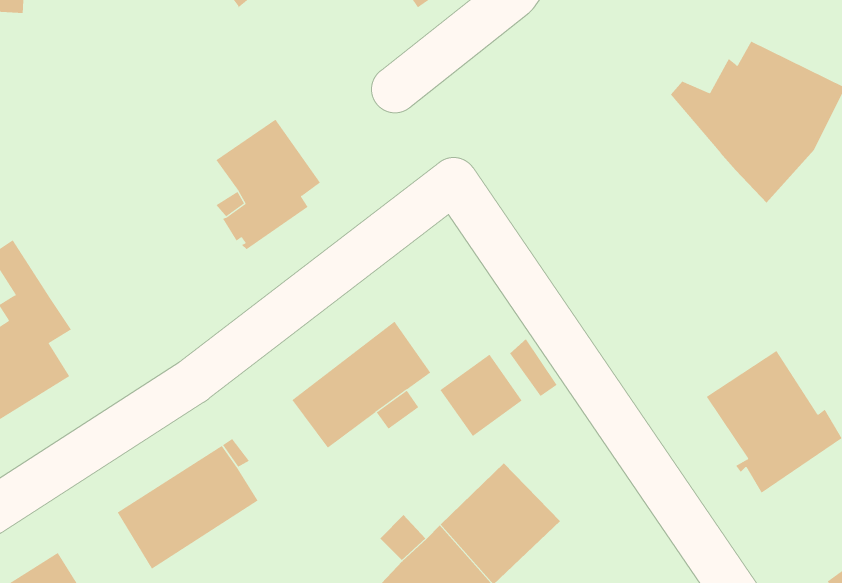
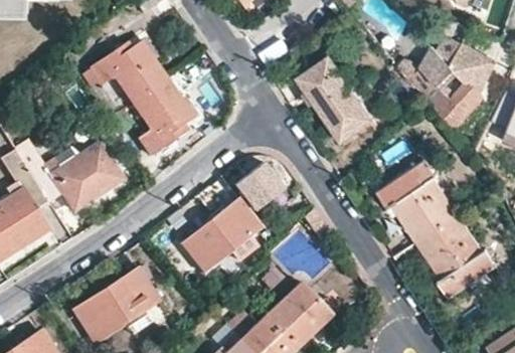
building: none -> [78,42,167,105]
building: none -> [297,57,372,144]
building: none -> [14,142,124,213]
building: none -> [376,159,459,242]
building: [440,354,523,437] -> [233,164,282,212]

